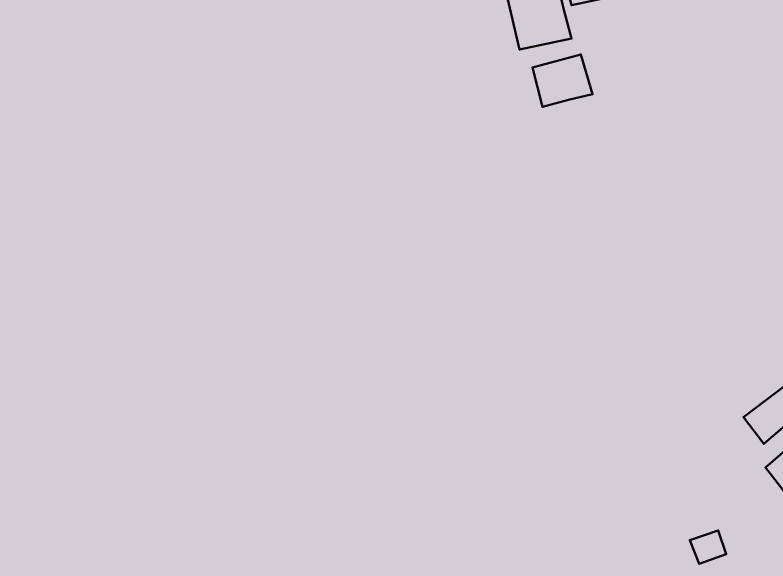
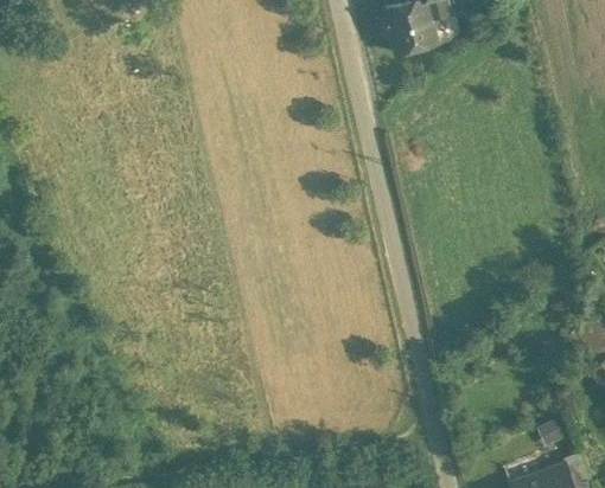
building: [533,54,593,107] -> none

